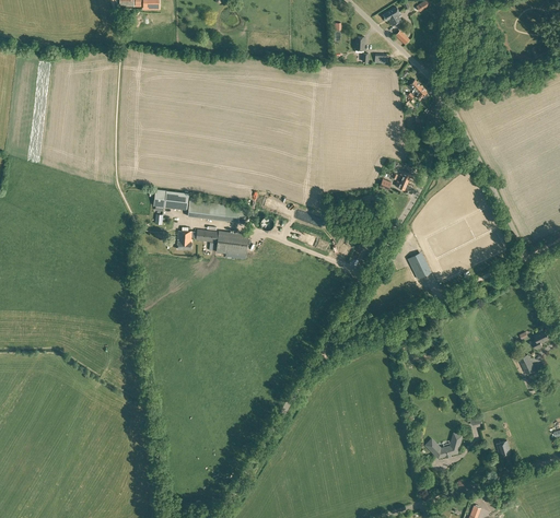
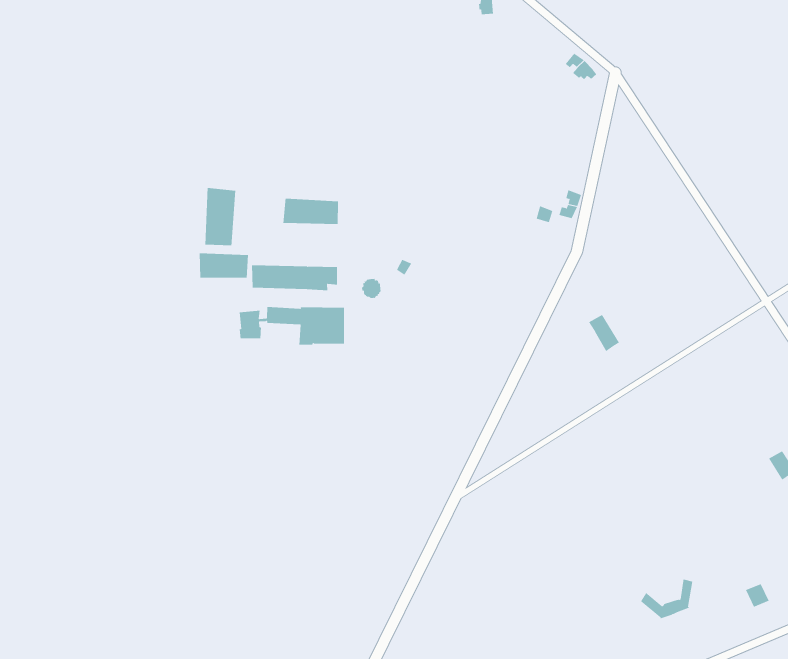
building: none -> [205,187,236,246]
building: none -> [283,198,339,225]

